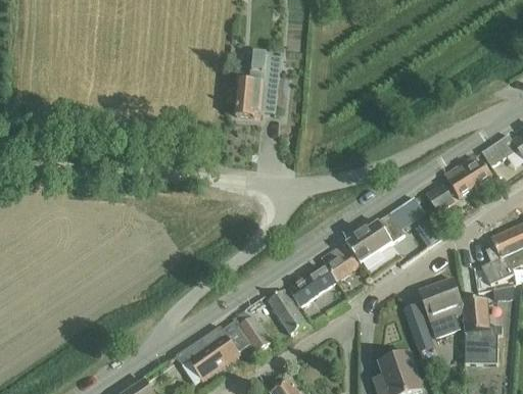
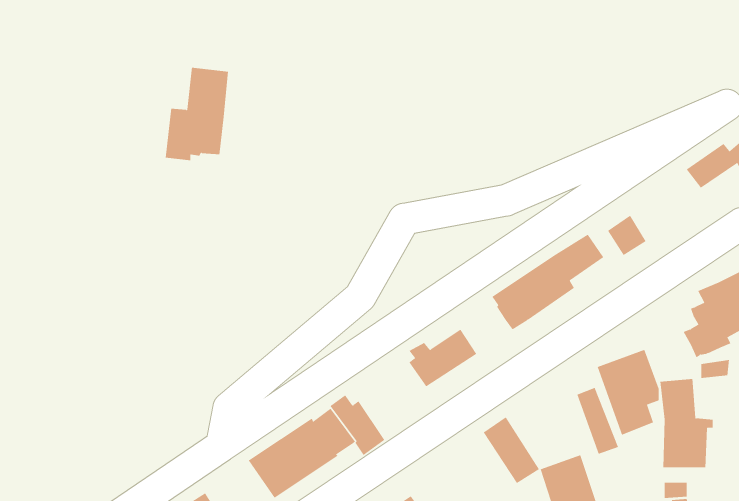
building: [234,51,279,116] -> [165,67,229,161]
building: [444,155,490,197] -> none
building: [324,243,360,281] -> none
building: [267,288,306,335] -> [483,417,540,484]

